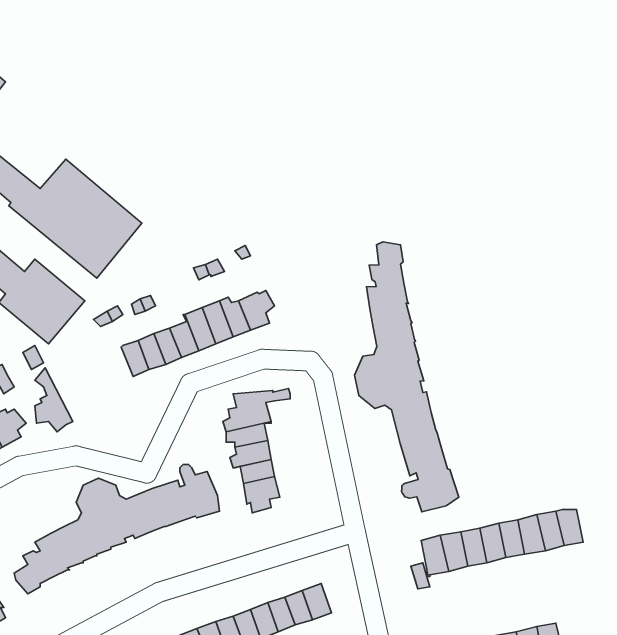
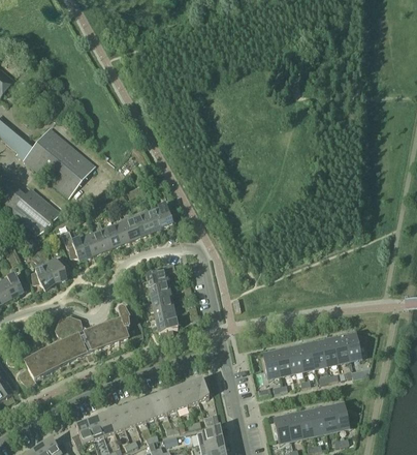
building: [354,242,459,512] -> none
building: none -> [61,231,90,260]
building: none -> [37,248,67,282]

